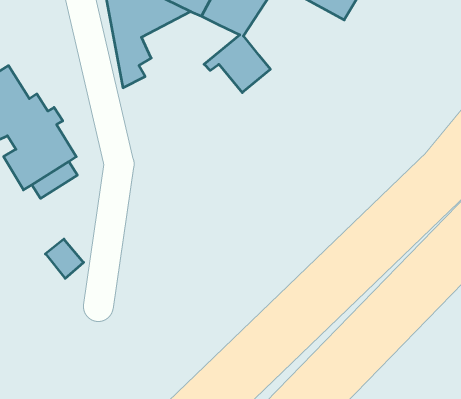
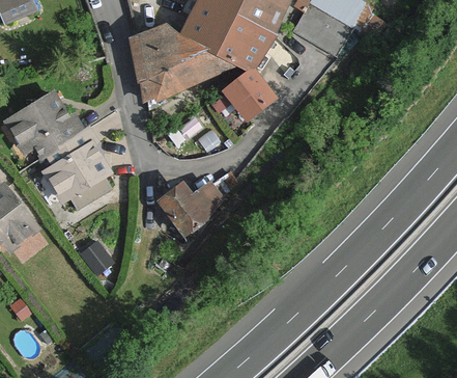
building: none -> [163,48,228,87]
building: none -> [160,184,219,233]

